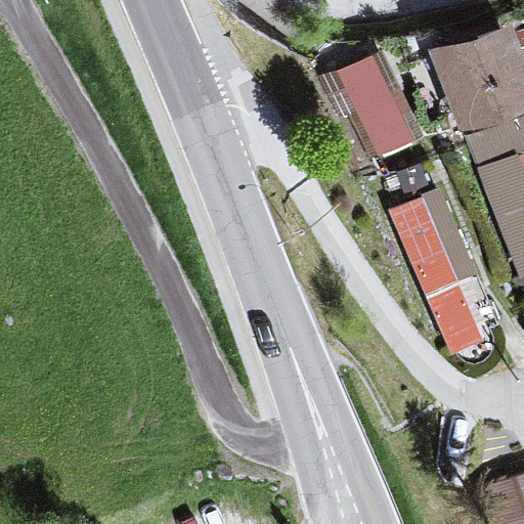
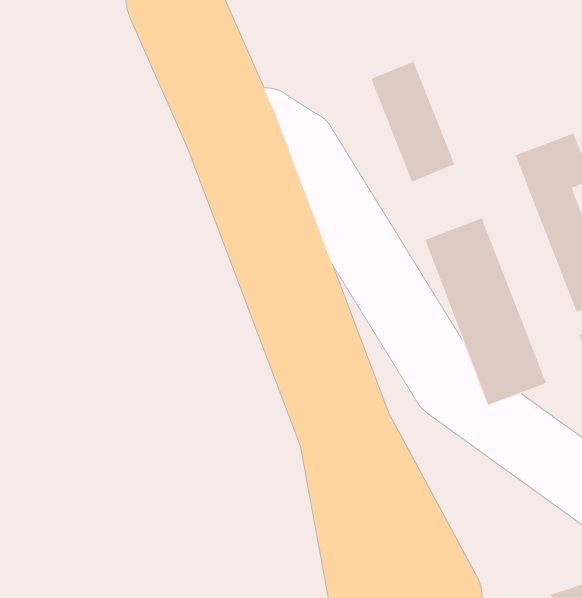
building: [413,20,519,129] -> none

